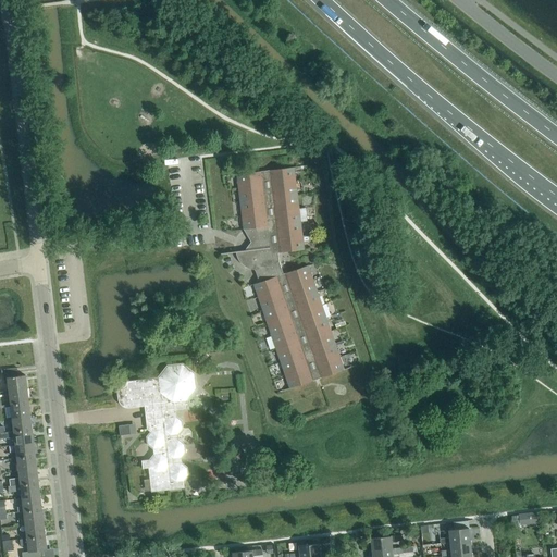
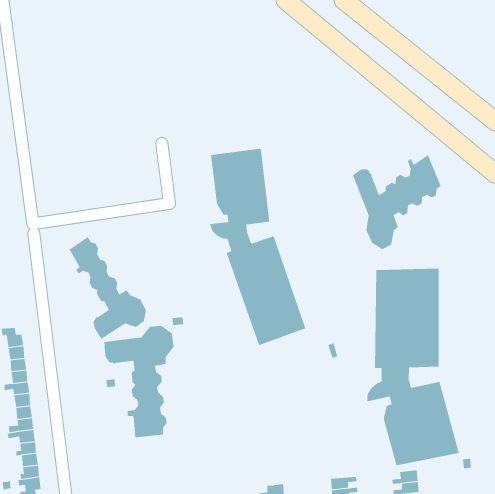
building: none -> [352,154,441,250]
building: none -> [69,236,147,340]
building: none -> [367,268,460,466]

